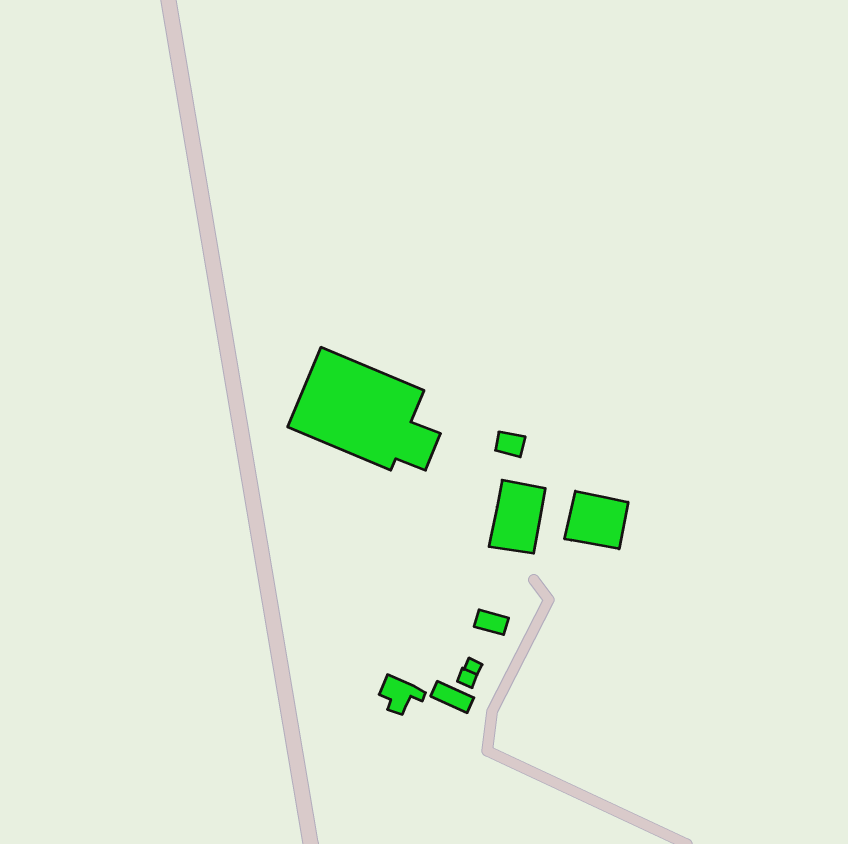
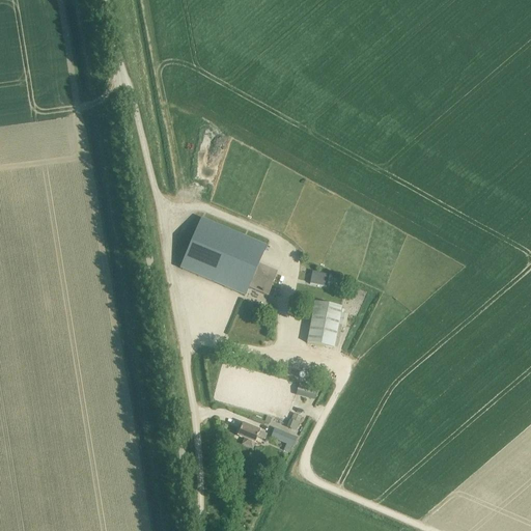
building: [565,491,628,549] -> none

